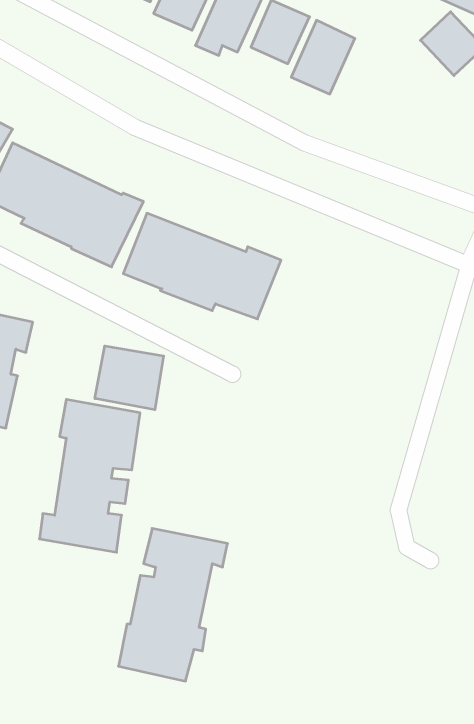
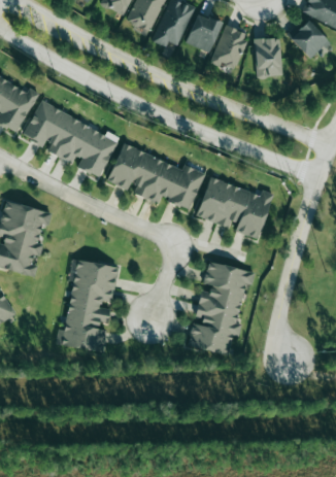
building: none -> [254,37,282,77]
building: none -> [196,177,273,239]
building: [95,346,164,410] -> none
building: [118,528,228,681] -> [188,262,255,355]

